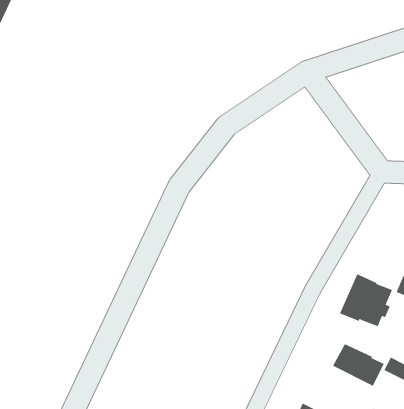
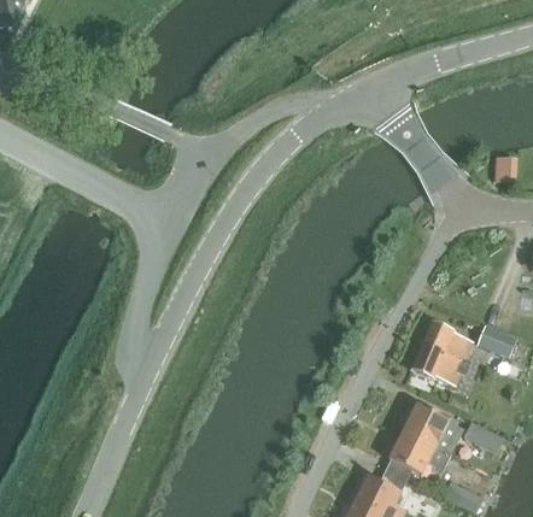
building: none -> [390,430,451,475]

